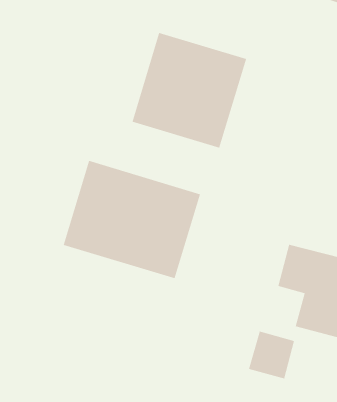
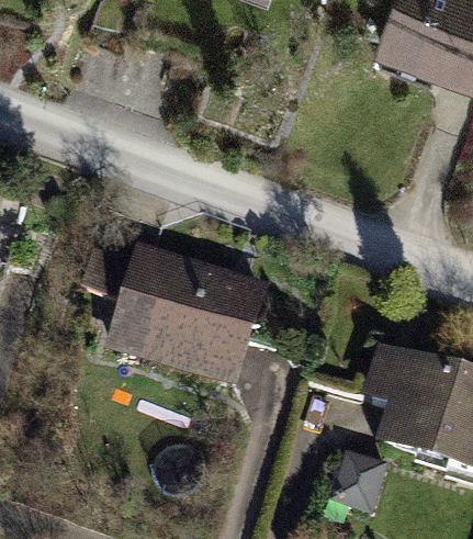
building: [132,32,247,149] -> none

